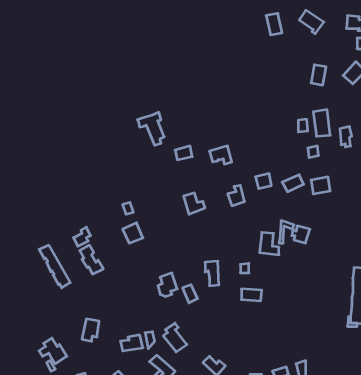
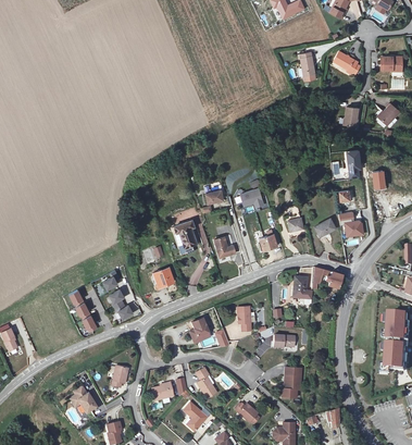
building: [137,112,164,145] -> [171,219,198,252]
building: none -> [279,366,299,396]

